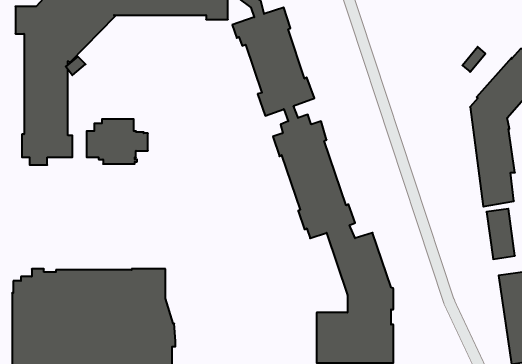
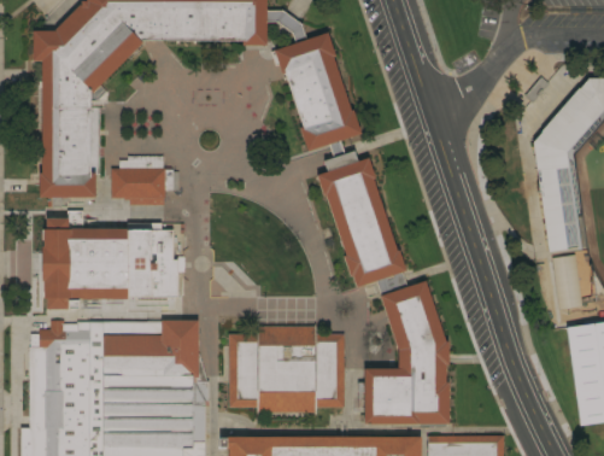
building: none -> [43,211,178,317]
building: none -> [229,327,346,414]

